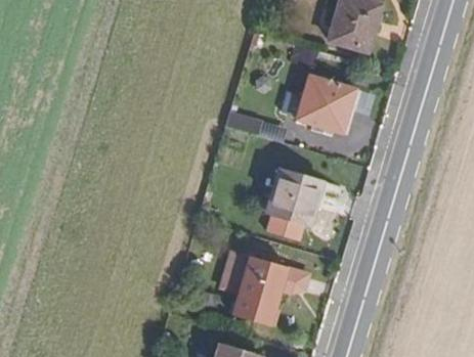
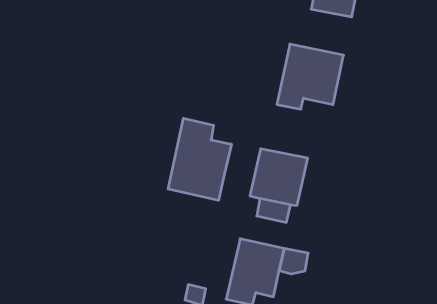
building: none -> [168,118,231,200]

